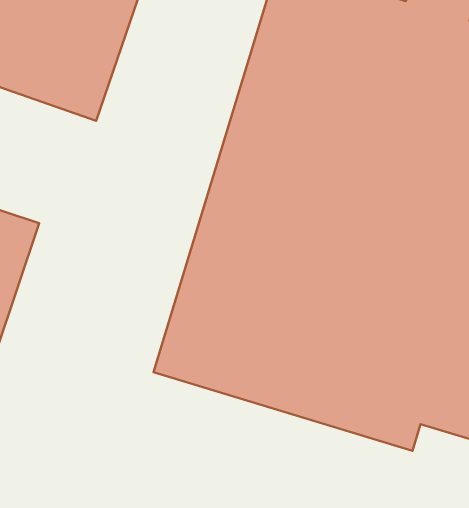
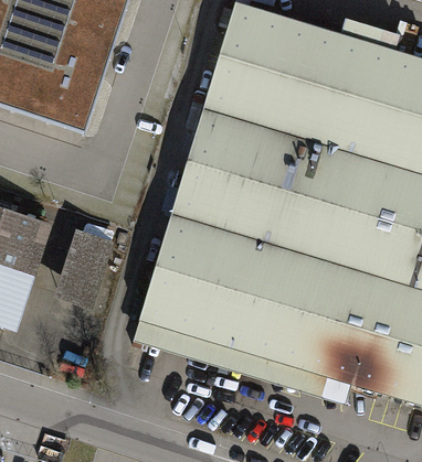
building: none -> [60,233,109,304]

